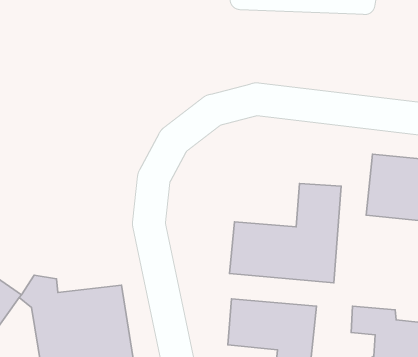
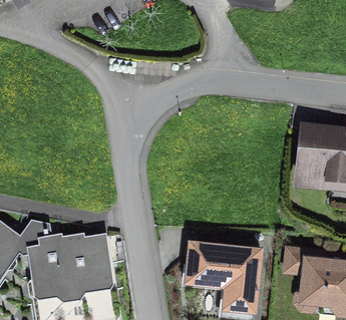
building: [229,183,341,283] -> none

